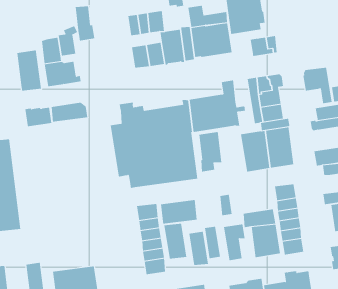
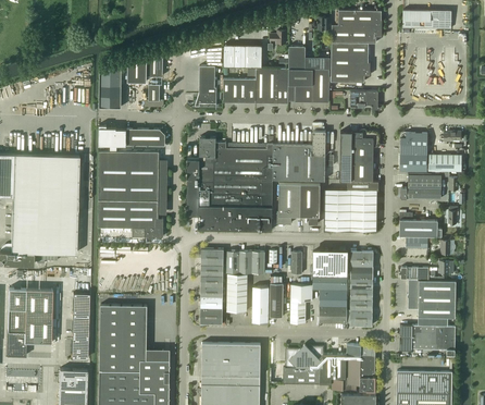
building: [75,6,95,41] -> [199,66,216,103]
building: none -> [98,151,163,237]
building: none -> [300,184,320,225]
building: none -> [313,249,348,275]

